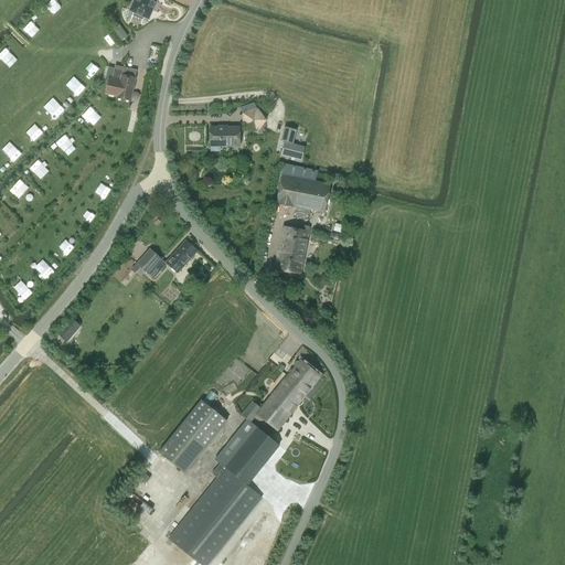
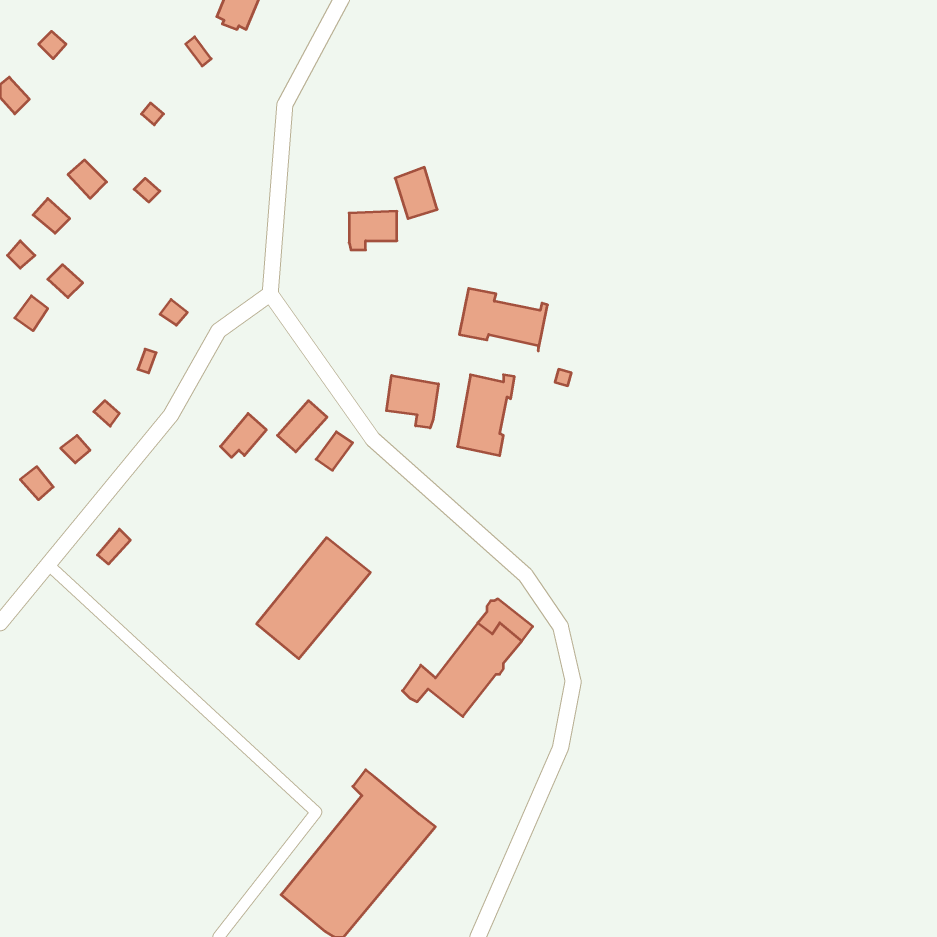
building: [106,66,137,100] -> none
building: [281,126,306,160] -> none
building: none -> [386,375,438,428]
building: [160,399,228,472] -> [257,538,370,659]
building: [216,419,279,484] -> none

